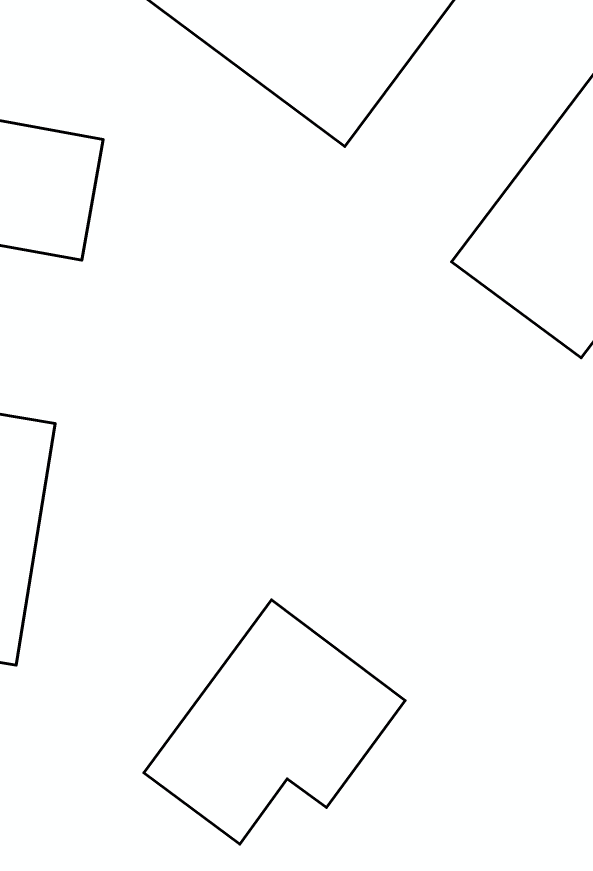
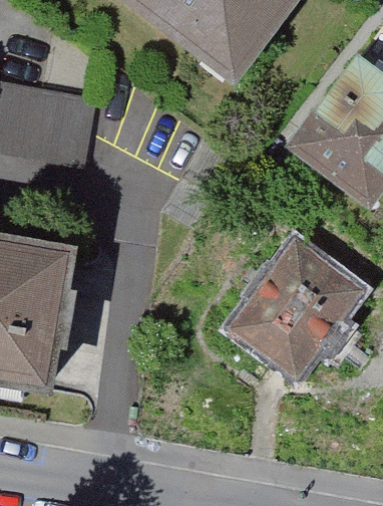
building: none -> [225,239,366,385]
building: [144,600,405,844] -> none

